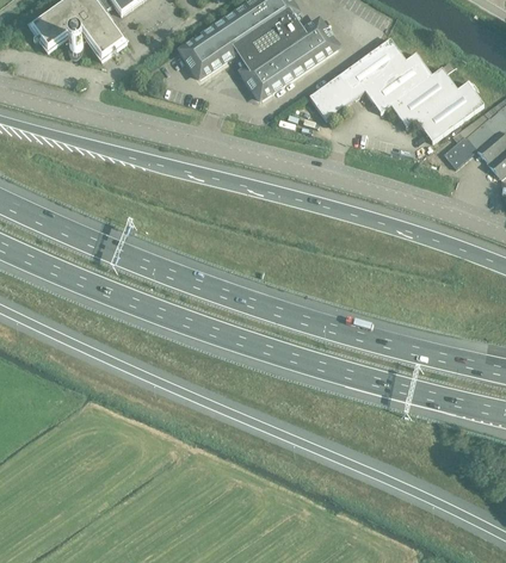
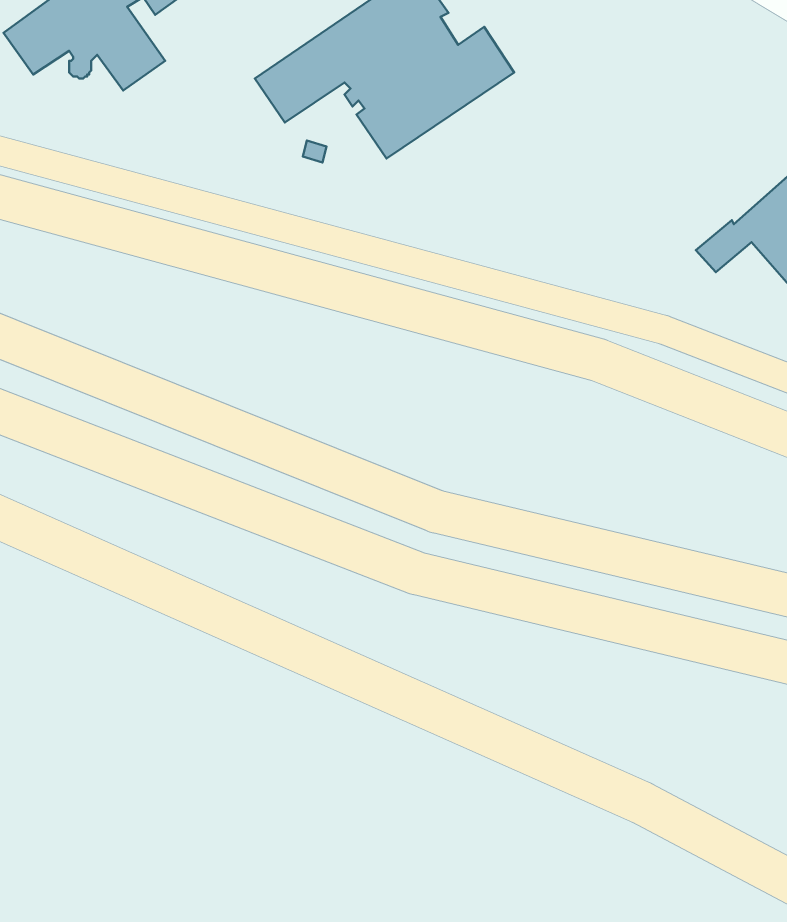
building: [311,37,485,141] -> none

